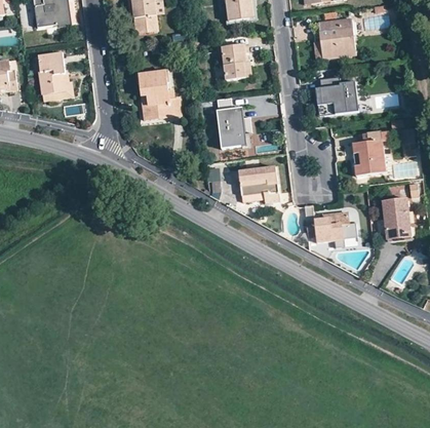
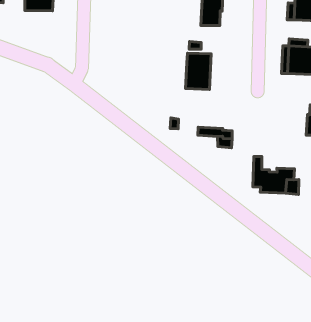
building: [139,71,182,119] -> none
building: [239,165,277,186] -> none

